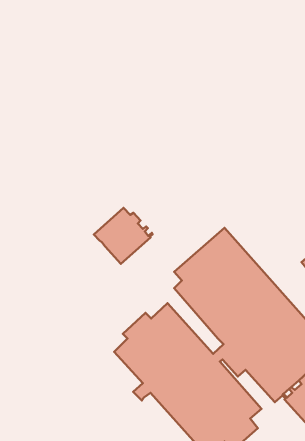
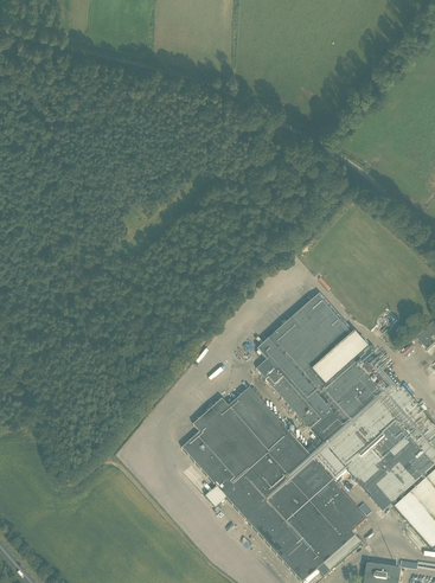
building: [94,208,153,264] -> none

